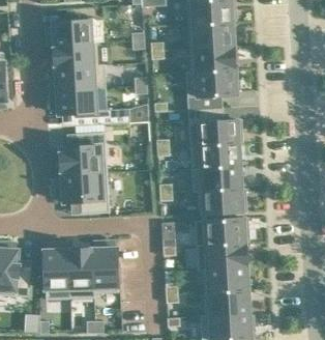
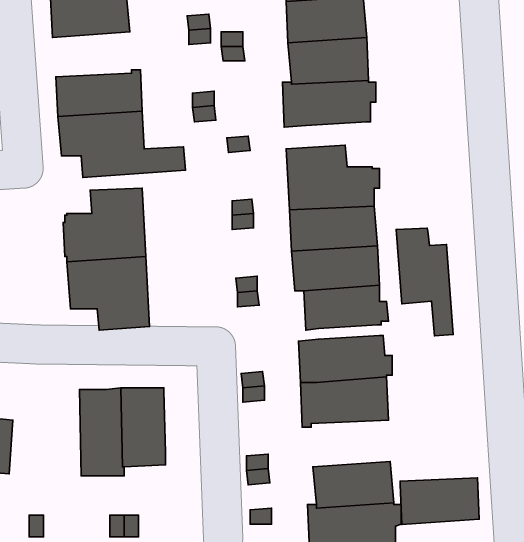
building: [53,42,98,68] -> none
building: none -> [396,228,453,336]
building: [43,249,69,300] -> none
building: [202,266,247,293] -> [400,478,479,524]

